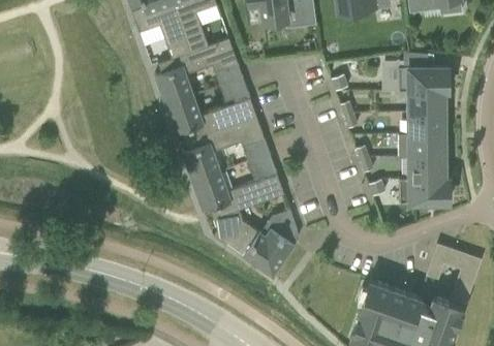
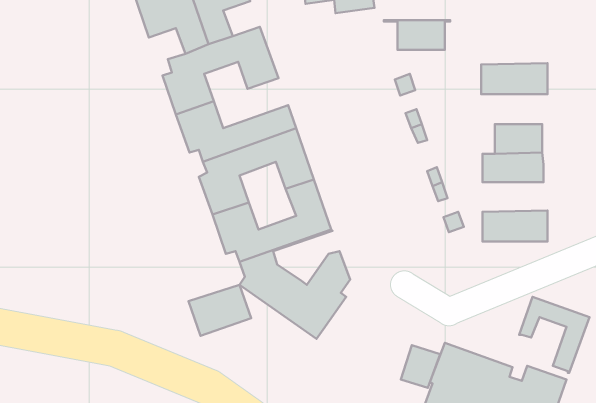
building: [398,90,449,113] -> [384,20,450,50]
building: [399,157,449,180] -> none
building: none -> [188,285,251,336]
building: none -> [401,345,440,388]

